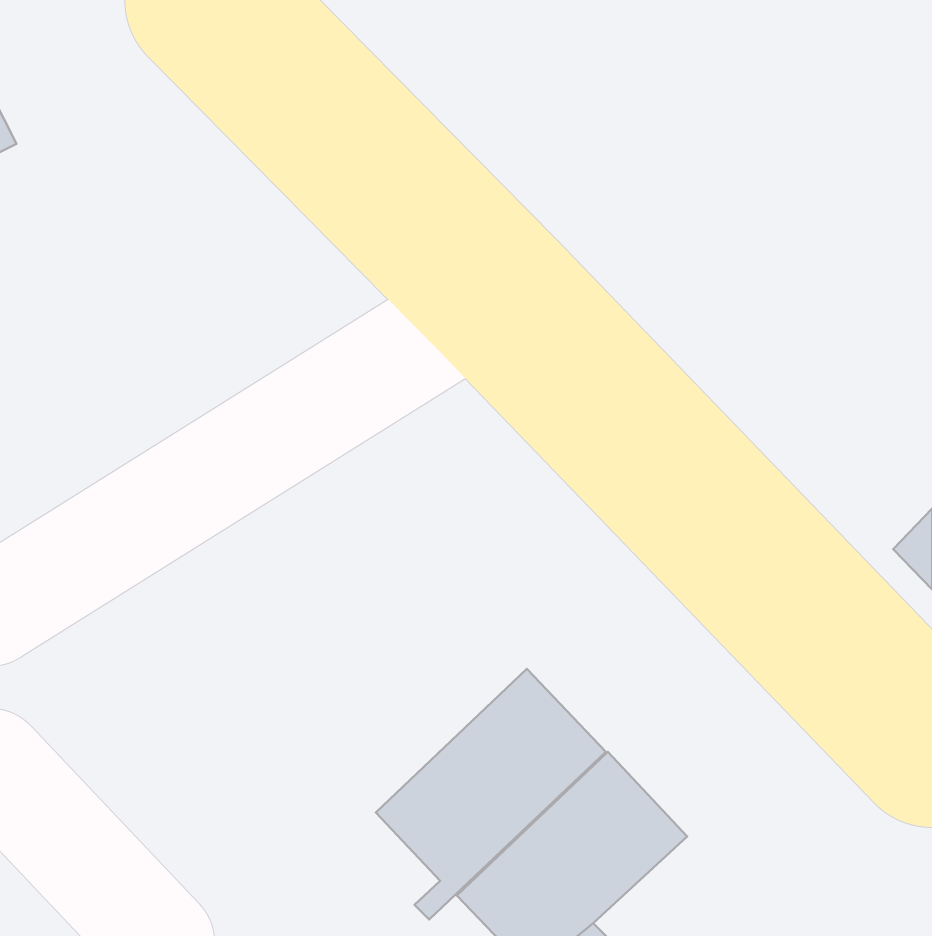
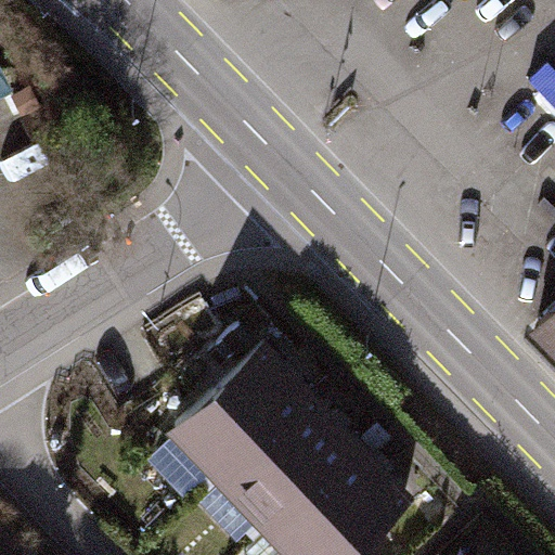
building: none -> [149,347,310,499]

